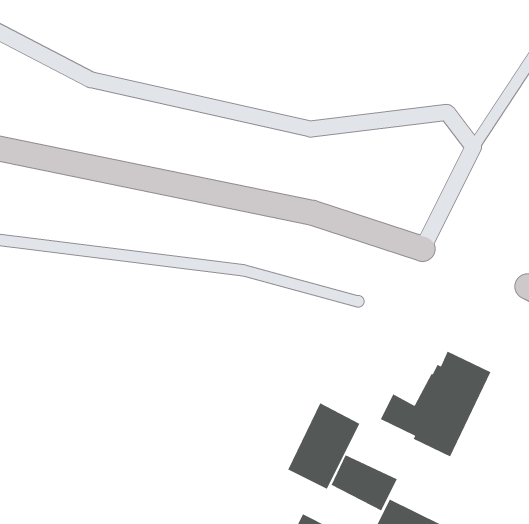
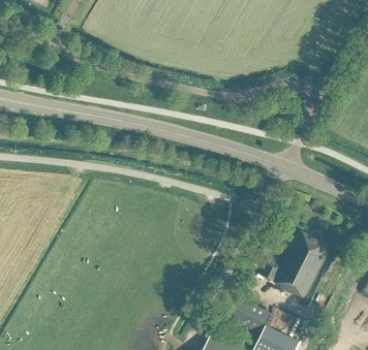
building: [287,402,361,490] -> none

